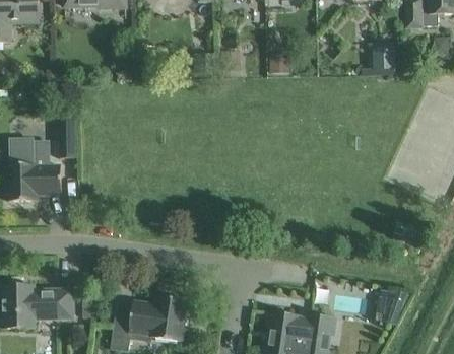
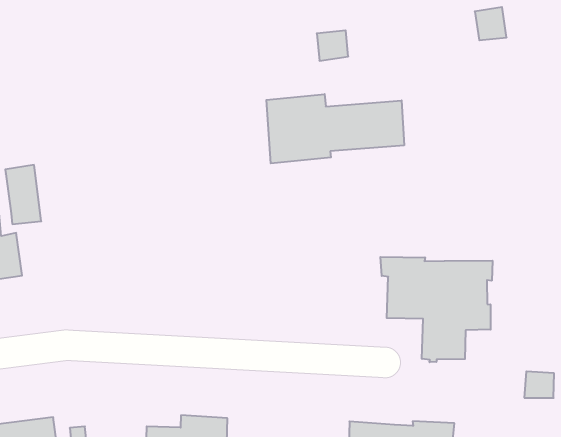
building: none -> [266,94,404,163]
building: none -> [380,257,492,362]

